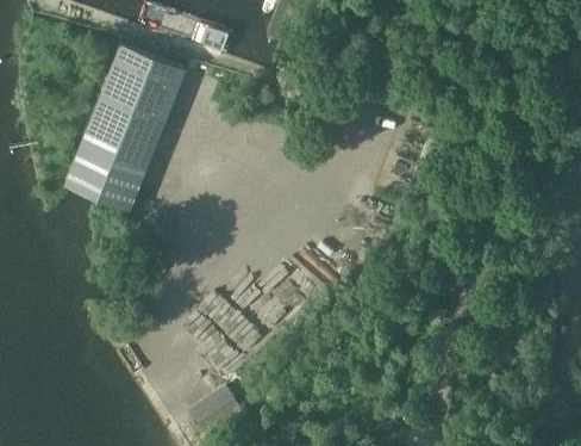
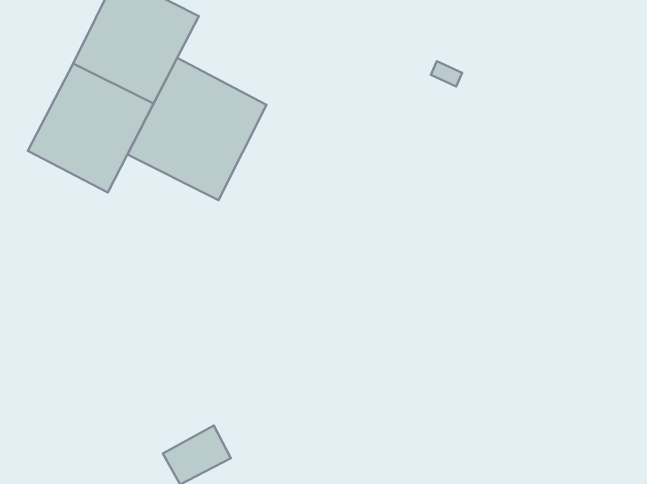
building: none -> [128,58,267,200]

